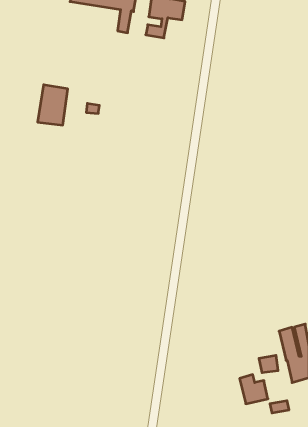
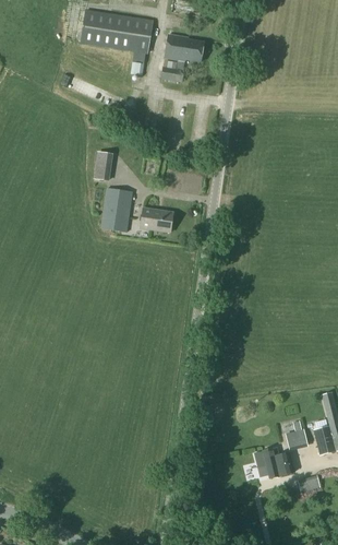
building: [38,85,68,125] -> [100,187,133,230]
building: none -> [141,208,173,232]

